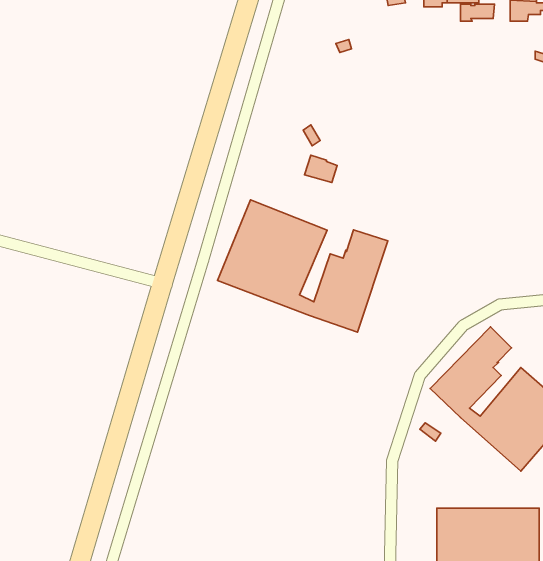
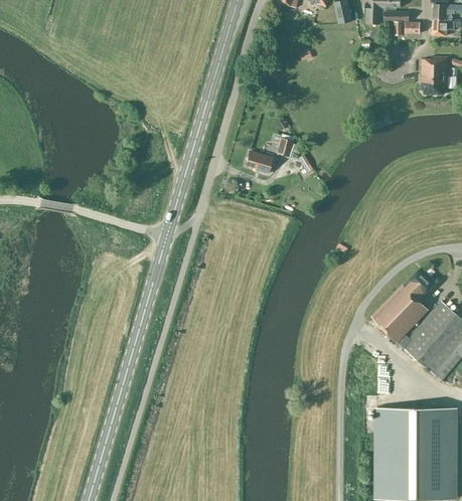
building: none -> [422,56,449,95]
building: none -> [245,151,272,173]
building: [218,200,388,332] -> none

